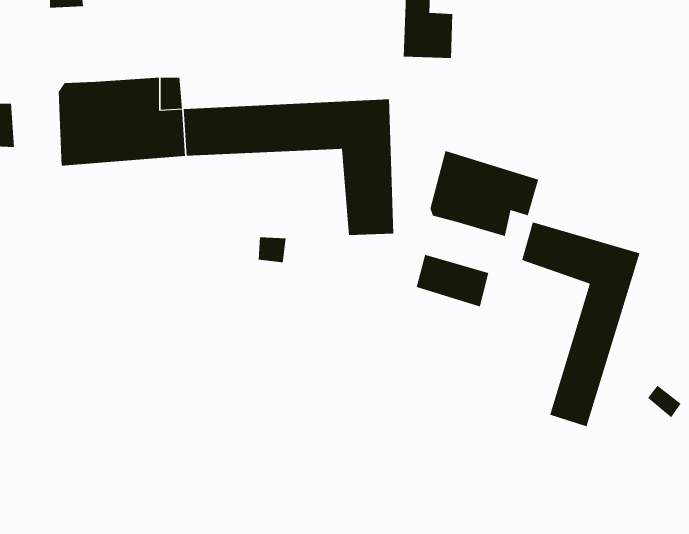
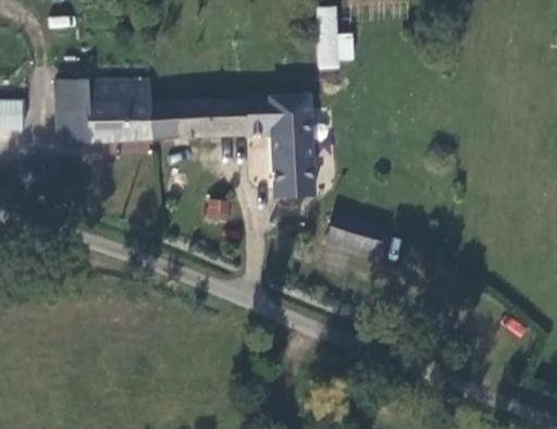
building: [430,150,539,237] -> none
building: [521,222,640,427] -> none

